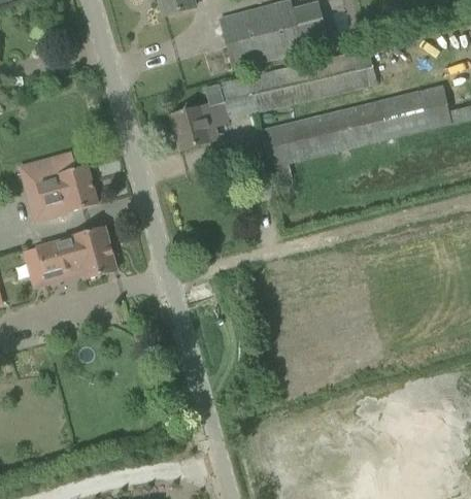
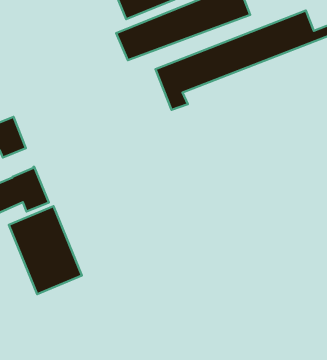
building: [170,84,229,149] -> none
building: none -> [9,206,82,294]

